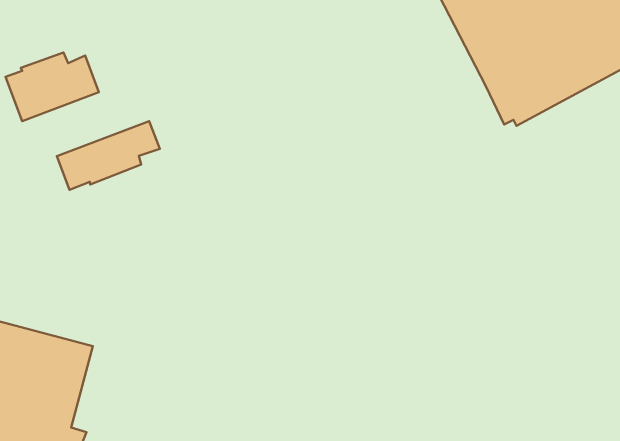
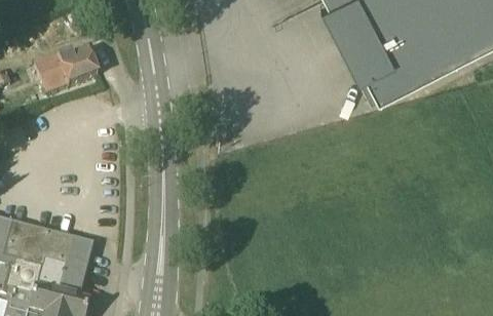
building: [57,121,160,190] -> none

